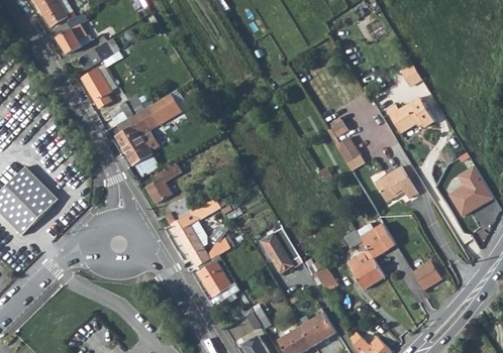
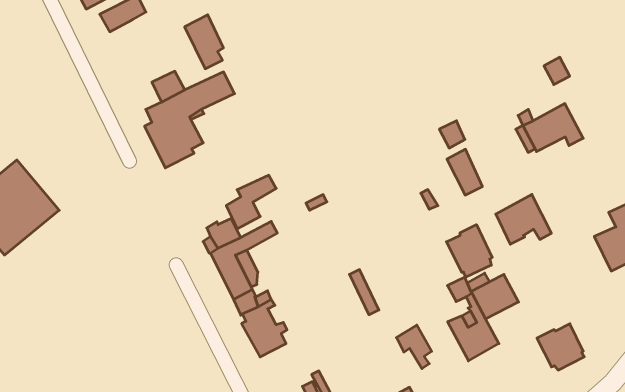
building: [81,68,110,107] -> [185,15,223,69]
building: [145,162,181,203] -> [226,175,276,229]
building: none -> [446,225,492,277]
building: [259,233,292,274] -> none

